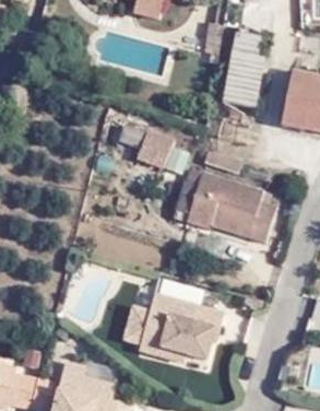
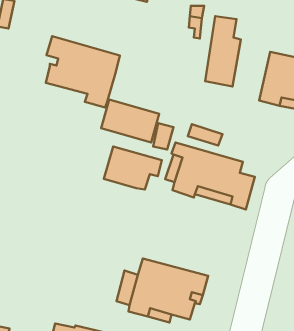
building: none -> [46,36,120,108]
building: none -> [104,147,162,189]

